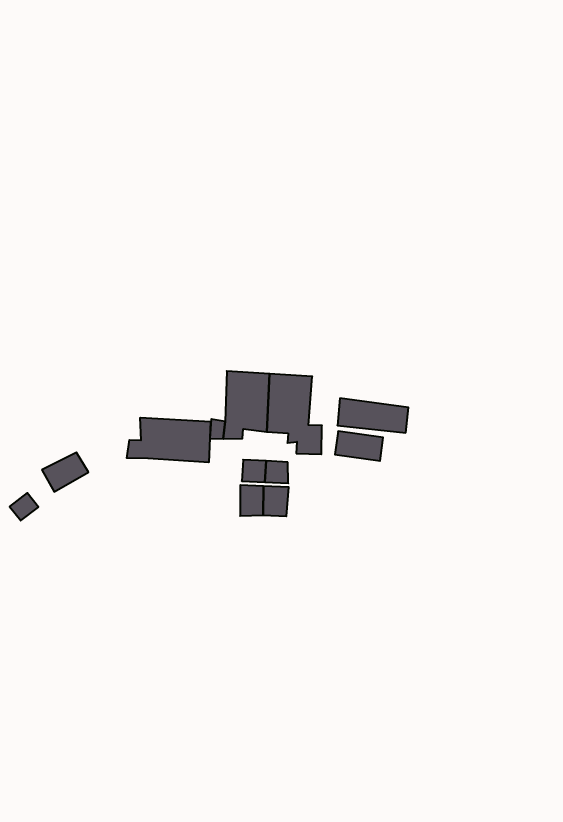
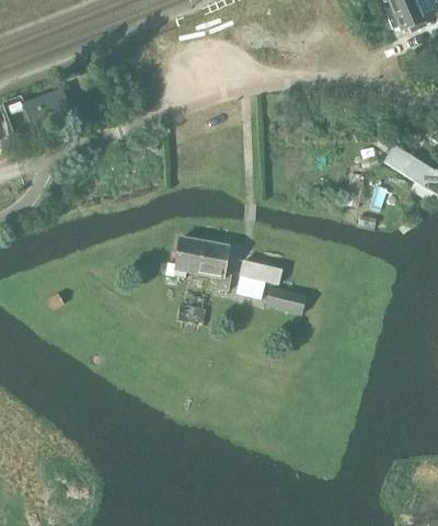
building: [127,418,210,462] -> none
building: none -> [265,286,307,312]

